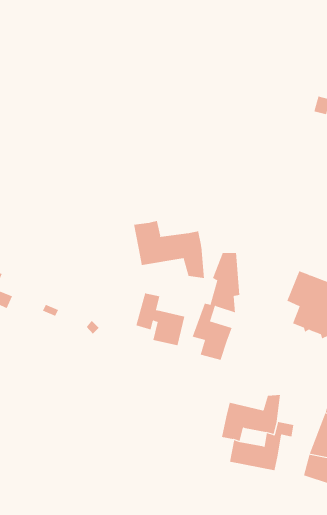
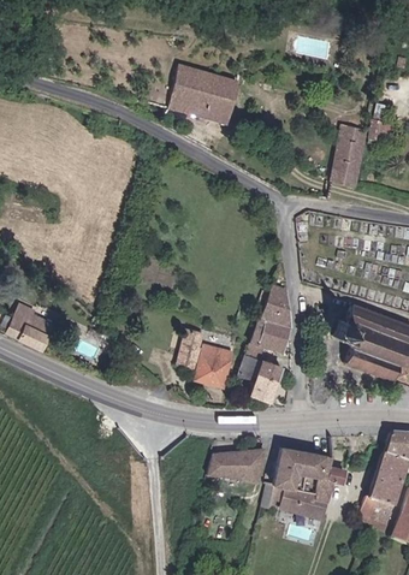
building: none -> [161,61,235,123]
building: none -> [330,123,367,184]
building: [134,220,205,279] -> none
building: none -> [204,450,265,484]

